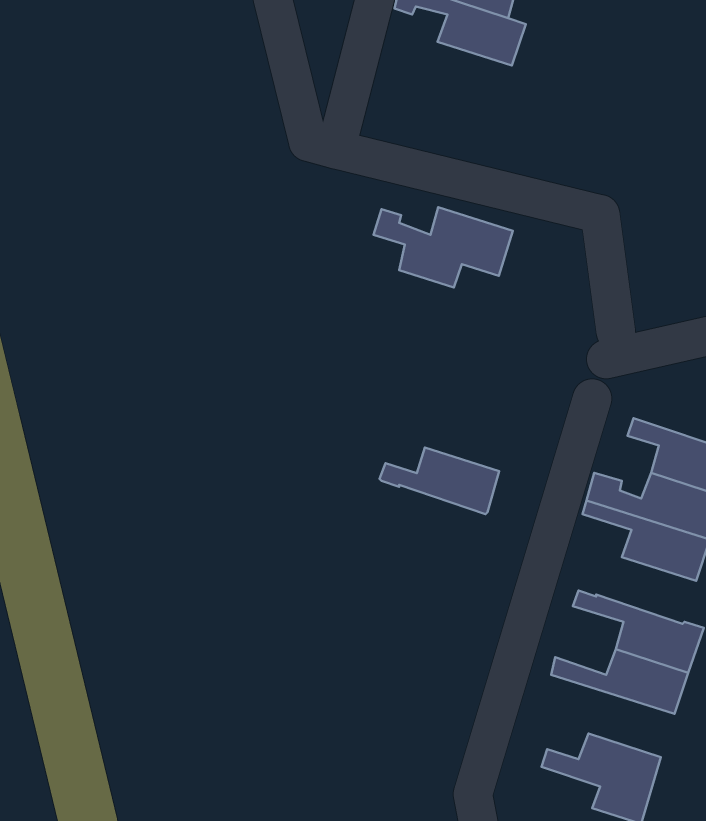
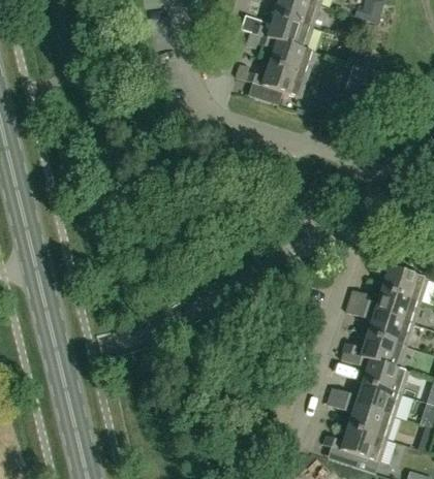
building: [374,207,513,288] -> [235,61,308,103]
building: [380,448,499,514] -> [342,332,405,368]
building: none -> [327,394,394,438]

